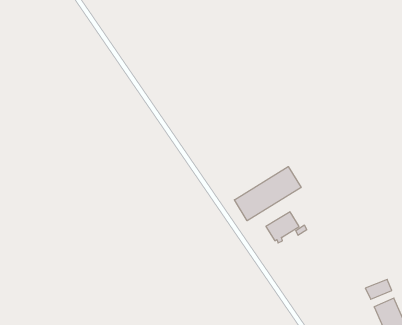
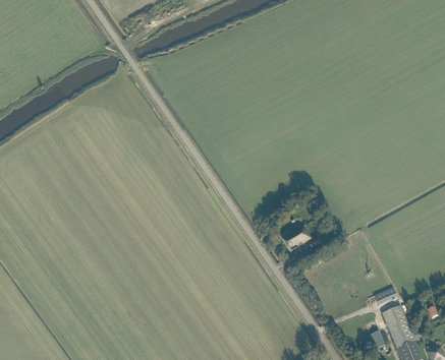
building: [234,167,301,221] -> none

